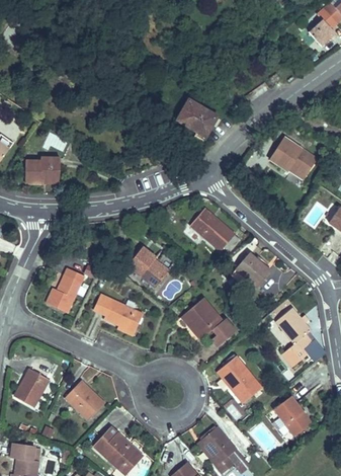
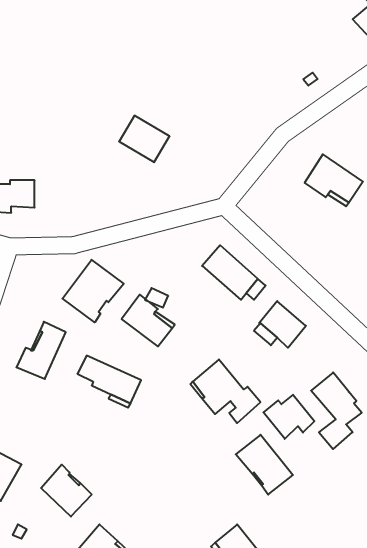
building: [176,99,216,136] -> [119,116,170,162]
building: none -> [62,260,124,322]
building: none -> [263,395,314,439]
building: [273,395,312,437] -> none

